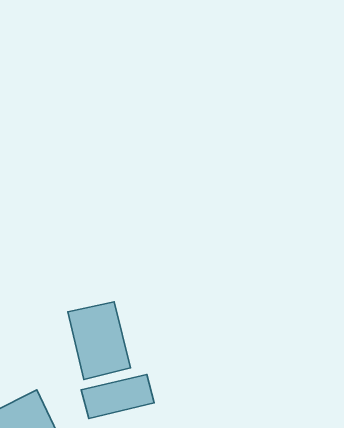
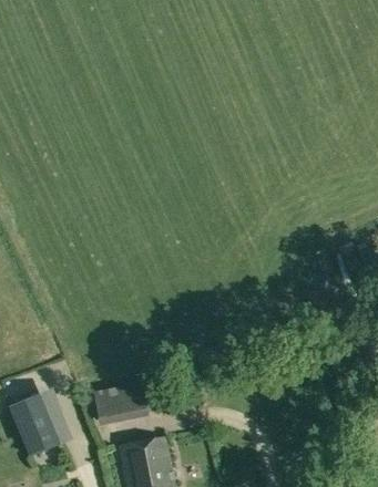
building: [68,302,130,380] -> none

